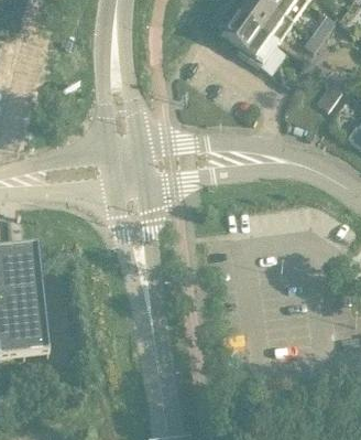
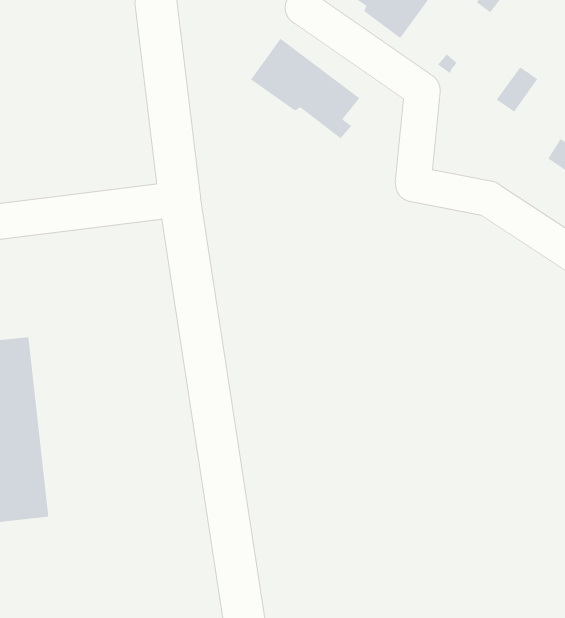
building: none -> [250,38,360,139]

